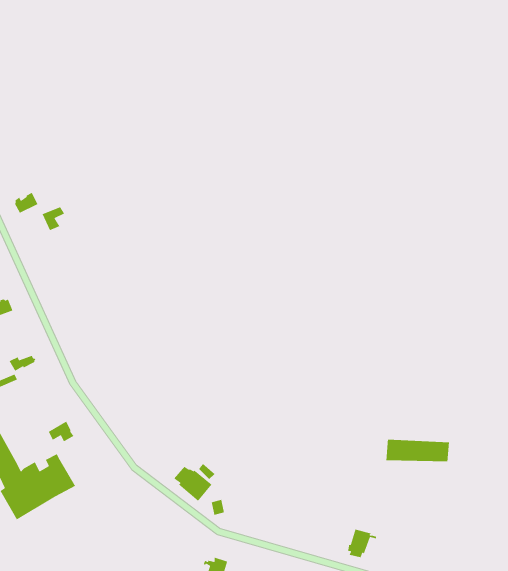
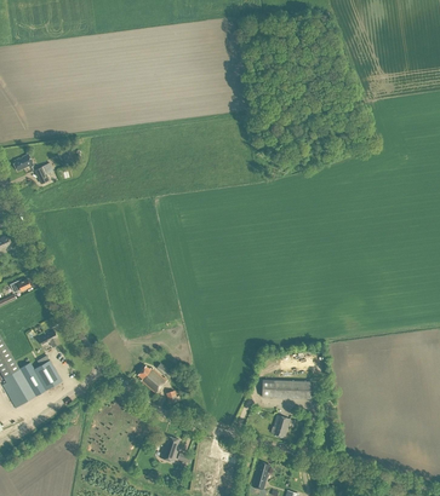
building: [386,439,450,462] -> [261,379,310,397]

